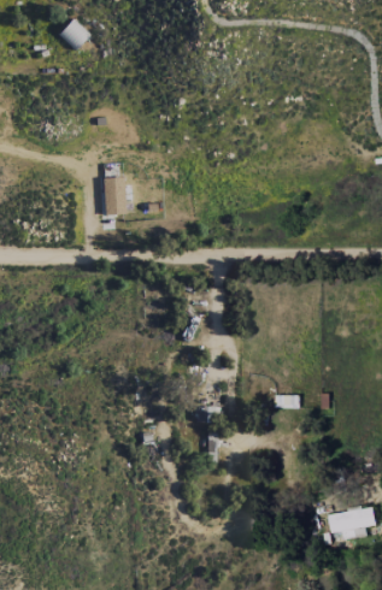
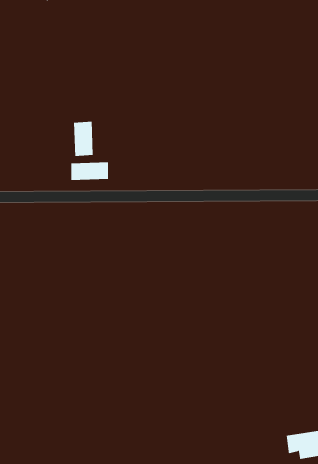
building: none -> [71,162,109,181]

